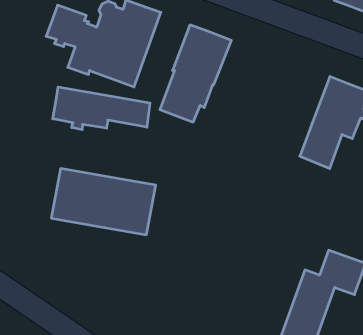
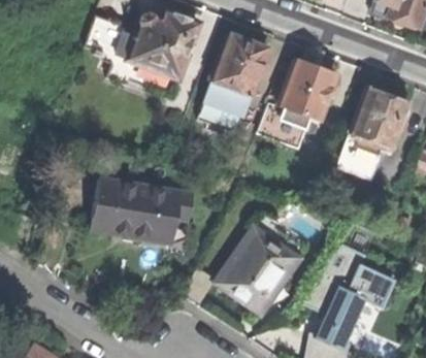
building: none -> [259,59,337,147]
building: [53,87,150,130] -> none
building: none -> [219,228,299,312]

